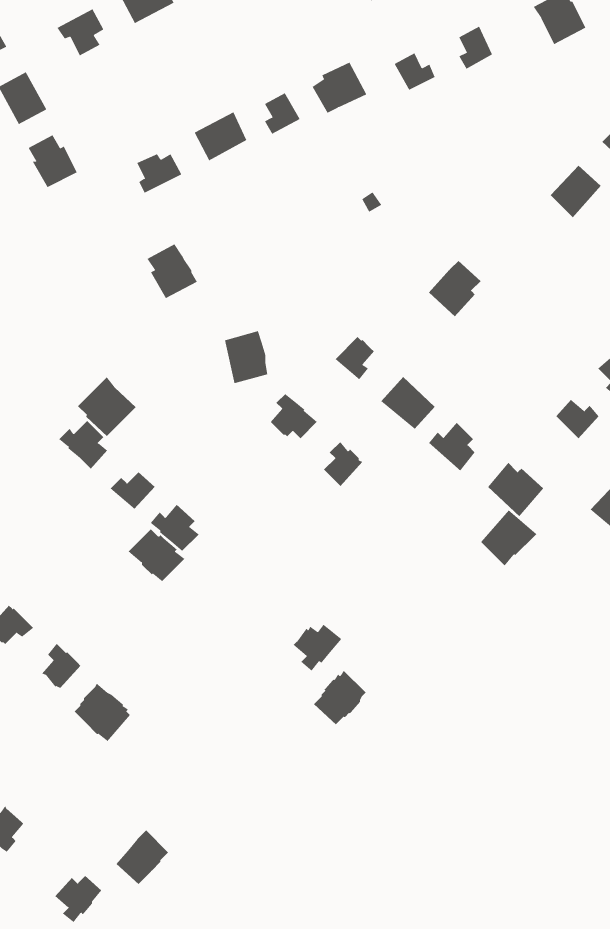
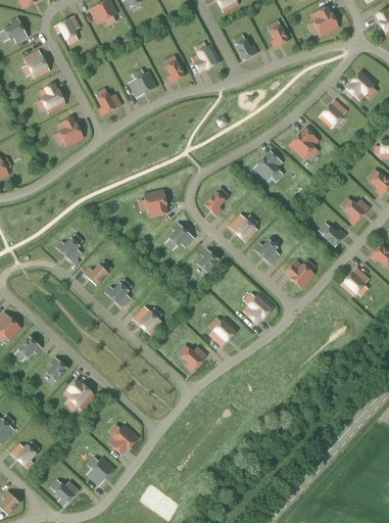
building: none -> [288,128,319,157]
building: [146,244,198,299] -> [56,115,84,145]
building: [77,377,136,437] -> none
building: [480,509,537,567] -> [243,292,274,323]
building: [128,528,185,582] -> [132,305,162,334]
building: [313,670,366,725] -> [208,316,237,345]
building: none -> [107,423,138,454]

